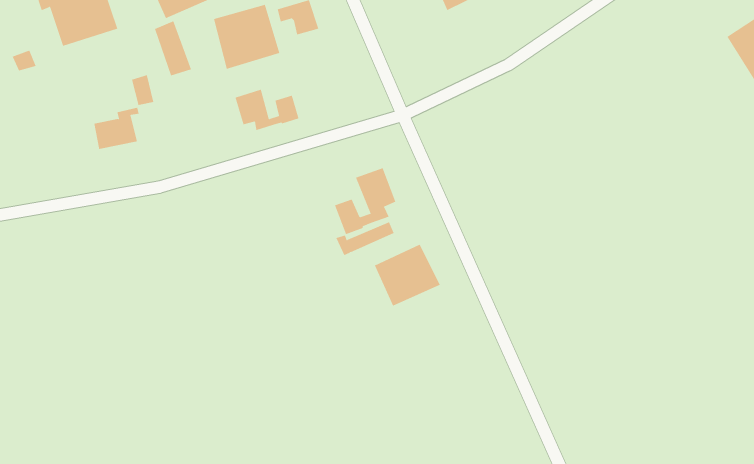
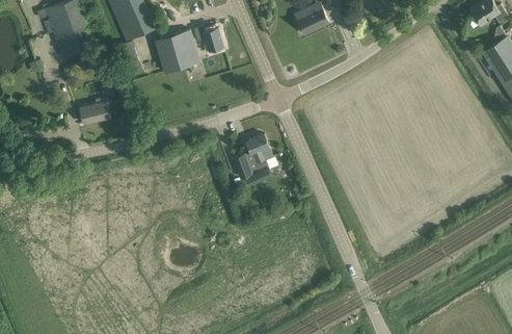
building: [235,89,299,131] -> none
building: [374,244,440,307] -> none

